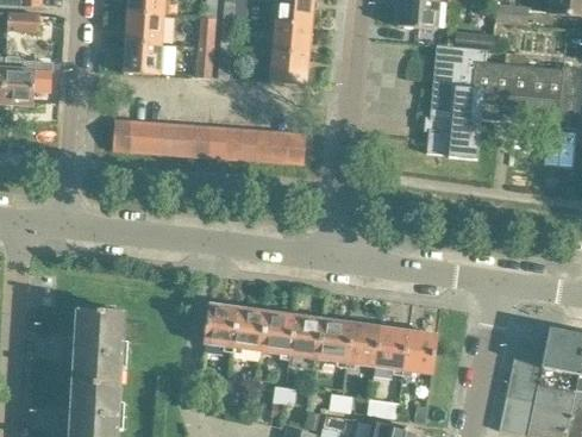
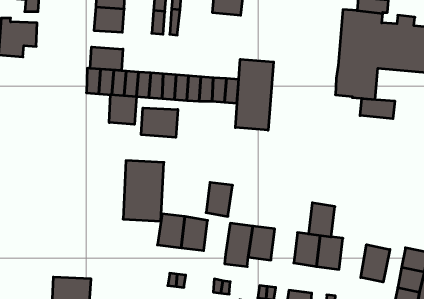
building: [270,49,308,83] -> none
building: none -> [90,47,123,71]
building: none -> [235,59,274,130]
building: none -> [109,95,137,124]
building: none -> [360,98,395,119]
building: none -> [141,108,178,137]
building: [73,308,124,385] -> [123,161,164,221]
building: [262,311,295,354] -> [206,182,233,216]
building: [346,321,380,364] -> [308,203,335,237]
building: none -> [361,245,390,282]

